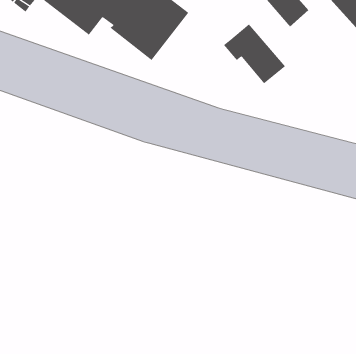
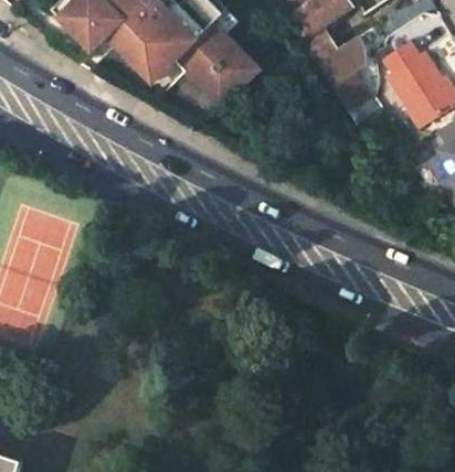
building: [223,23,286,84] -> none

